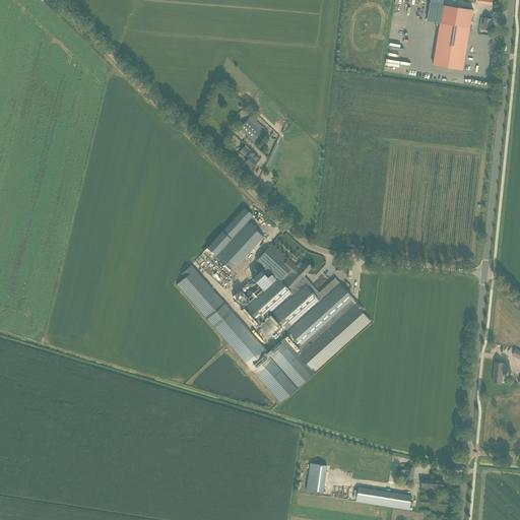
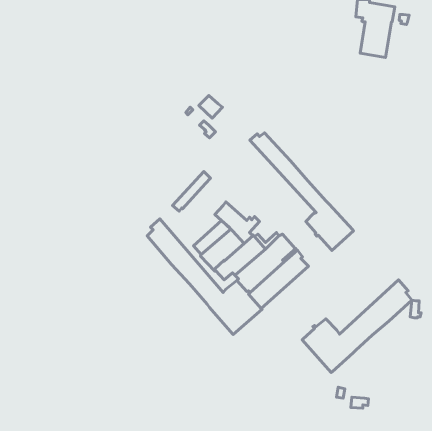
building: none -> [250,133,354,250]
building: [219,220,263,266] -> none
building: none -> [302,280,412,373]
building: [306,462,327,492] -> none
building: [355,486,411,509] -> none

